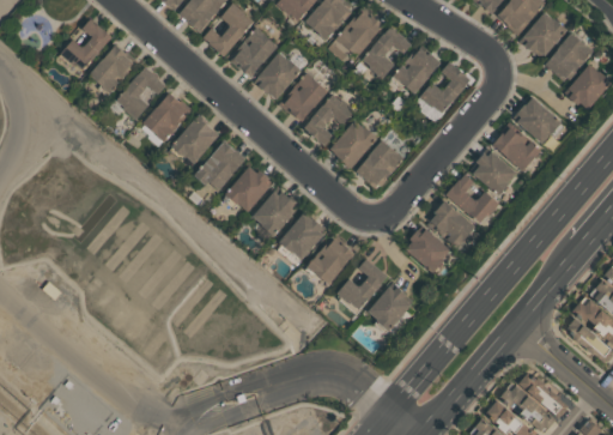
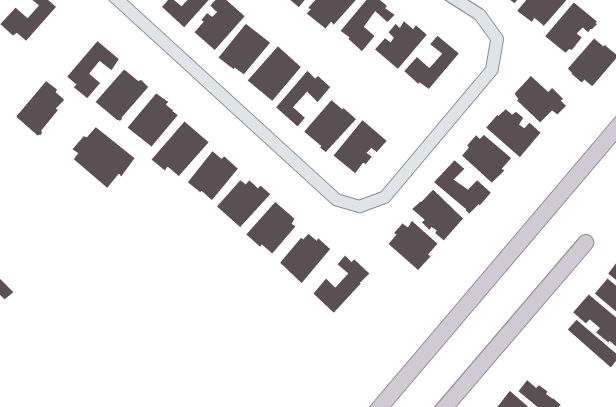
building: [87,46,132,96] -> [15,80,65,137]
building: none -> [72,126,136,189]
building: [369,288,414,336] -> none

